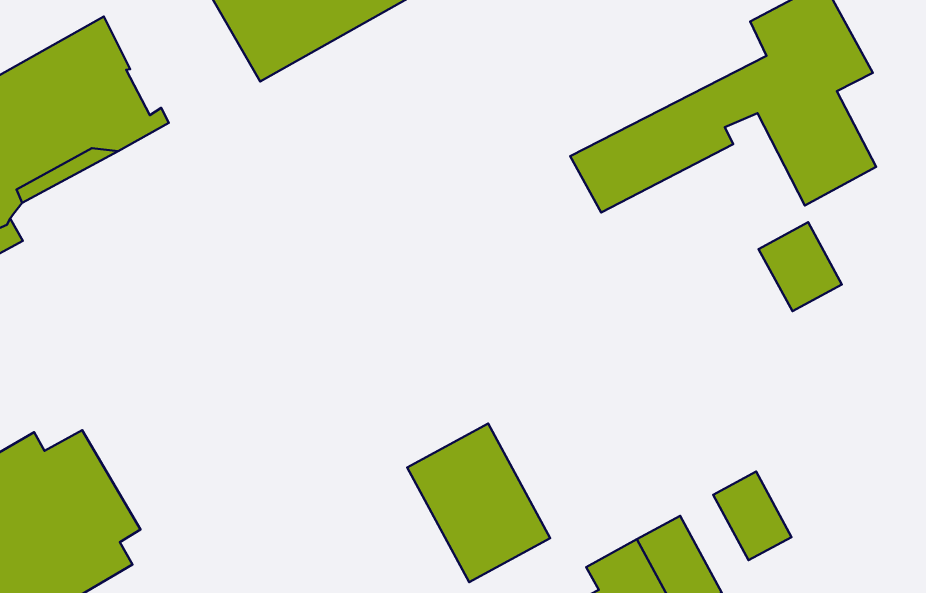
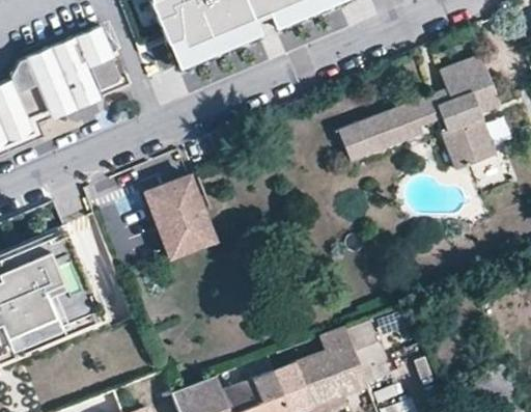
building: [759,222,842,311] -> none
building: [407,423,550,582] -> [147,182,217,263]
building: [713,472,791,560] -> none

